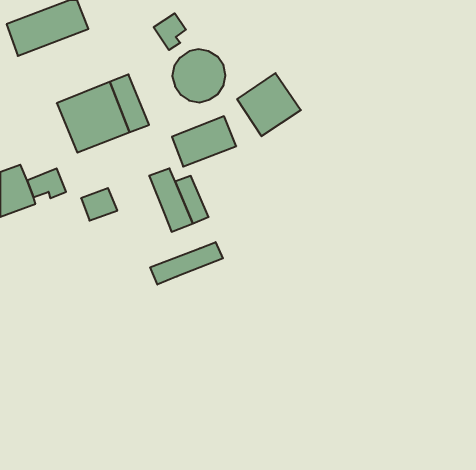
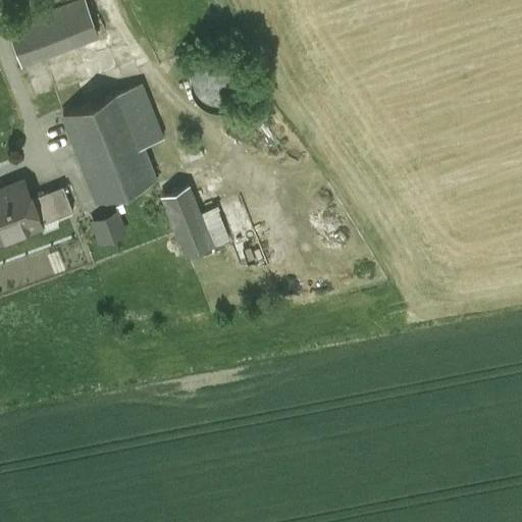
building: [154,13,186,50] -> none
building: [237,73,301,136] -> none
building: [172,116,236,167] -> [85,151,155,206]
building: [150,242,223,285] -> none

